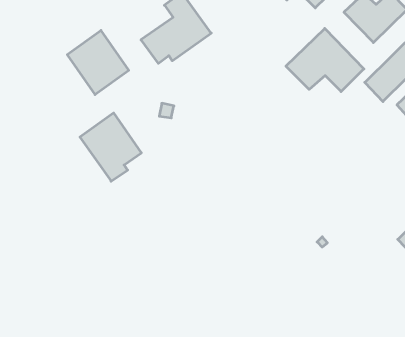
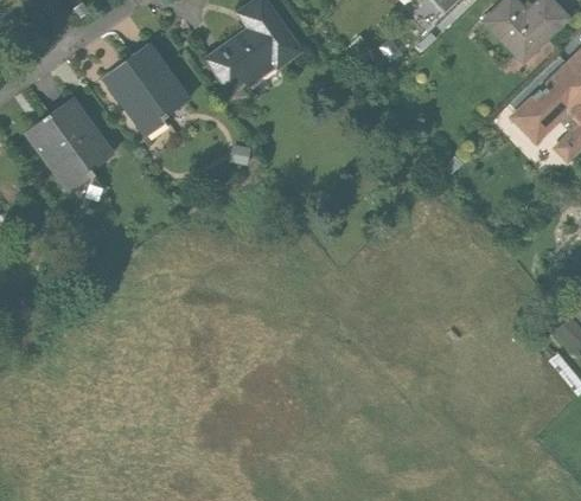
building: [286,28,364,92] -> none
building: [80,113,141,181] -> [26,98,110,192]

